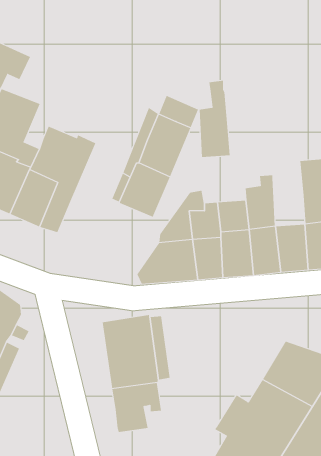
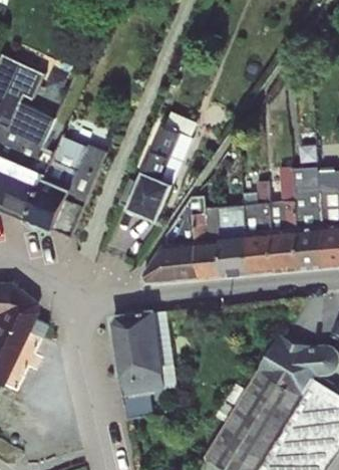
building: [199,80,231,158] -> [269,159,298,230]

